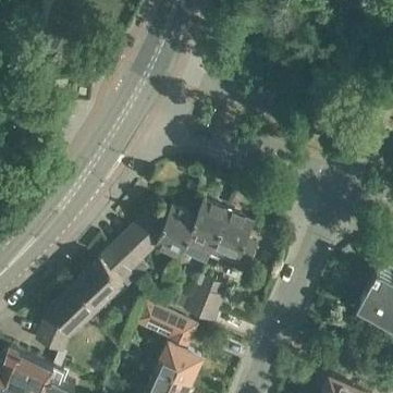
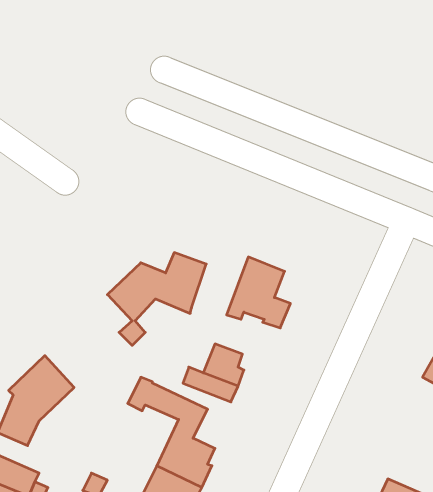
building: [181,205,223,262] -> none
building: [71,243,136,312] -> none

